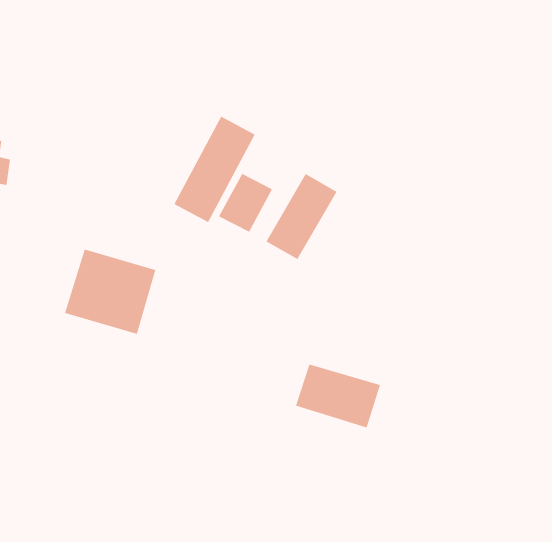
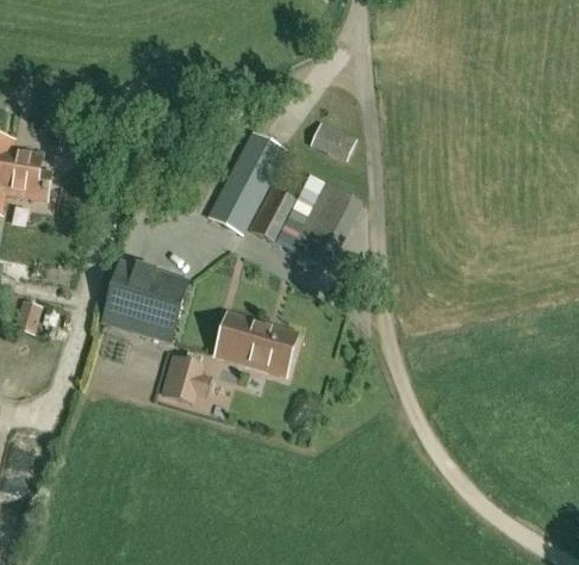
building: none -> [310,120,355,159]
building: none -> [160,355,211,405]
building: [295,364,381,428] -> [216,313,298,375]

